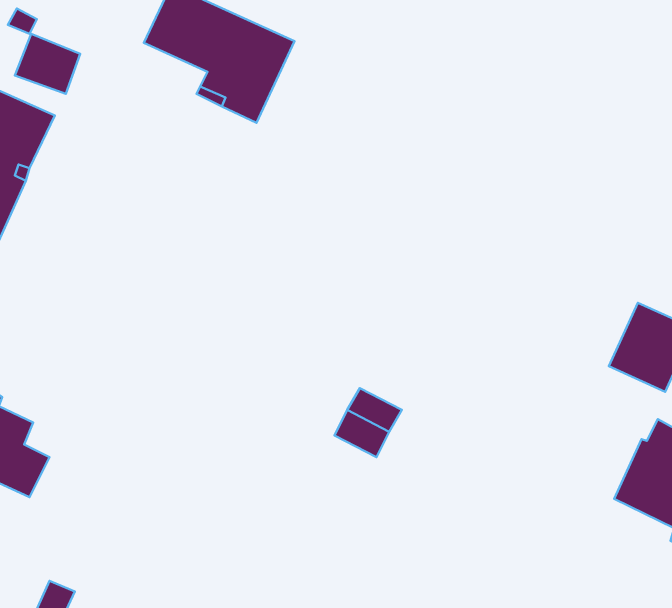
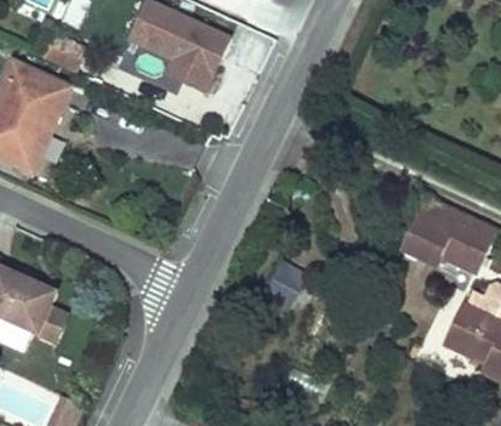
building: none -> [402,194,460,262]

